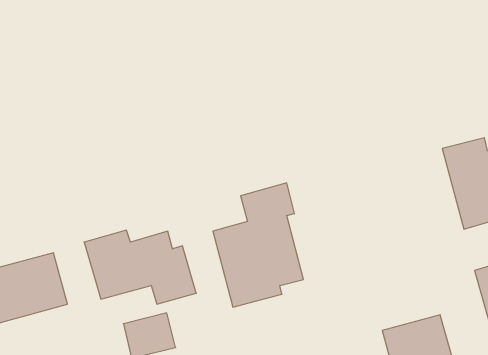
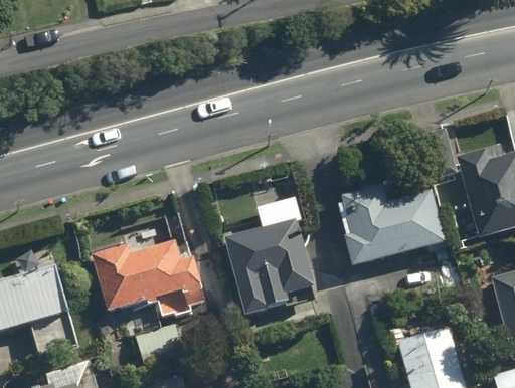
building: none -> [338,174,449,263]

